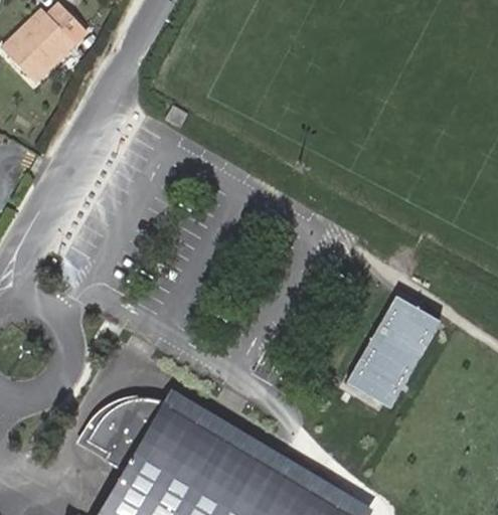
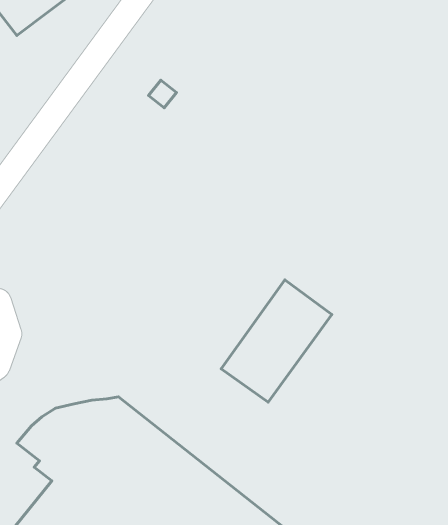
building: [346,296,438,405] -> [221,280,332,402]

